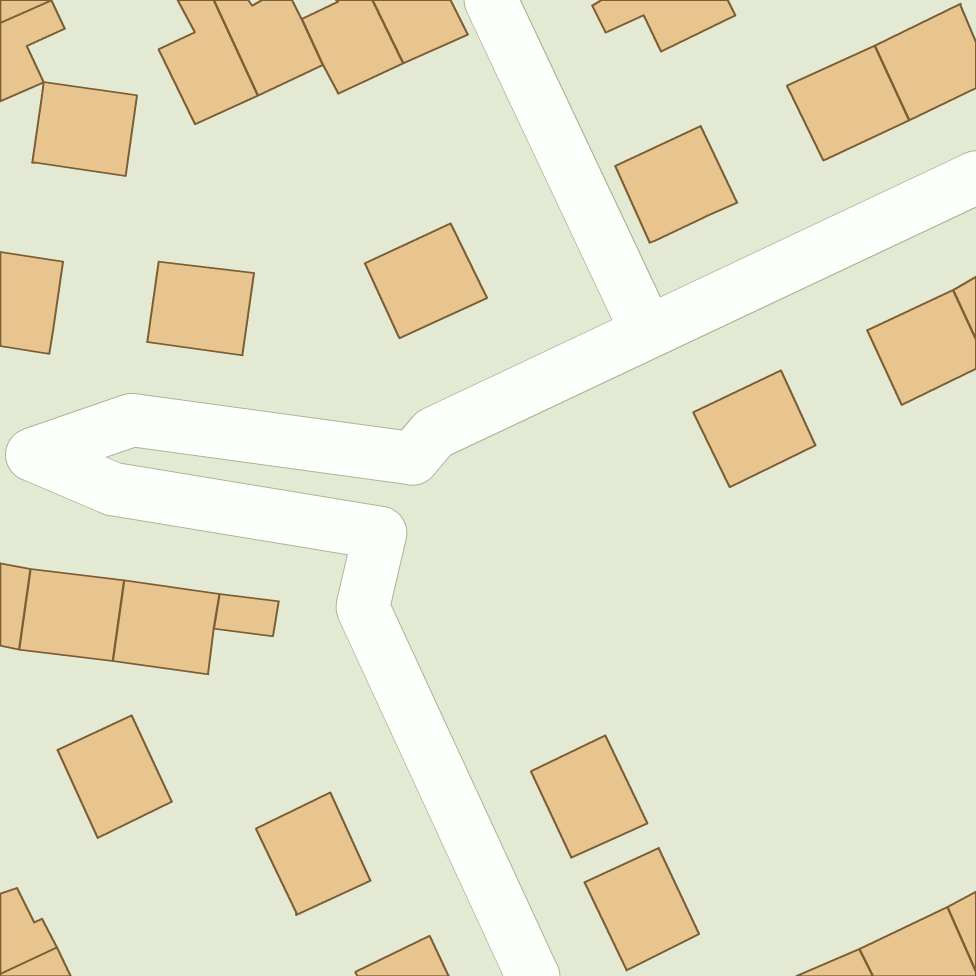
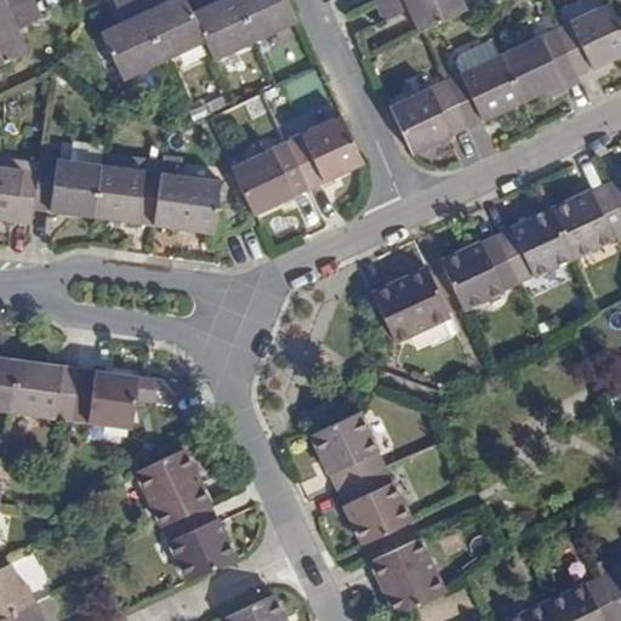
building: [32,82,137,176] -> [34,158,101,217]
building: none -> [445,55,523,129]
building: none -> [286,116,364,189]
building: none -> [154,173,221,233]
building: none -> [496,210,572,283]
building: none -> [372,267,450,341]
building: none -> [312,412,384,490]
building: [57,716,172,838] -> [137,449,210,526]

